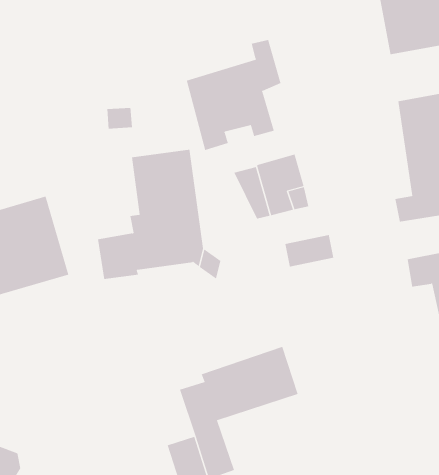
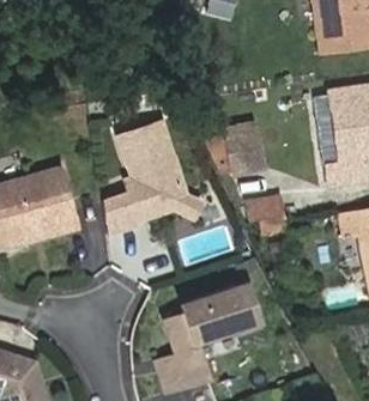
building: [186,39,281,151] -> none

